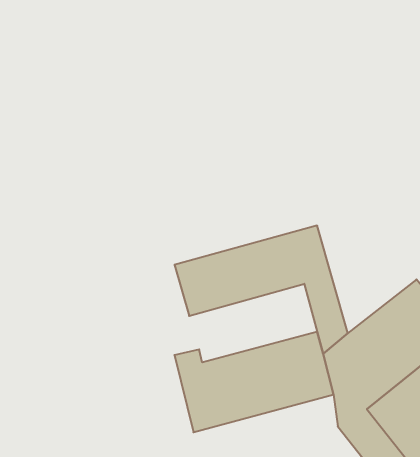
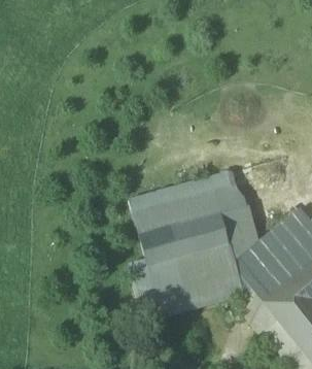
building: none -> [140,210,231,266]

